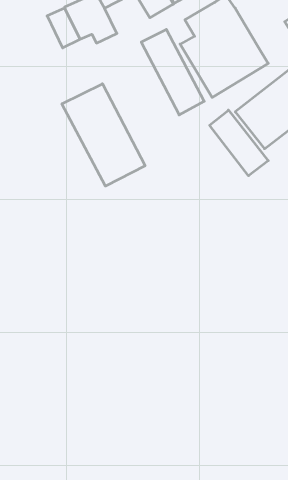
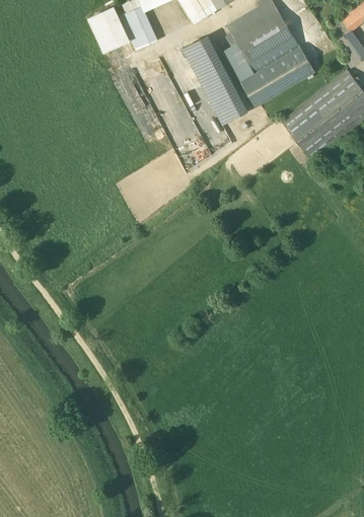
building: [62,84,145,186] -> none
building: [210,110,268,176] -> none

